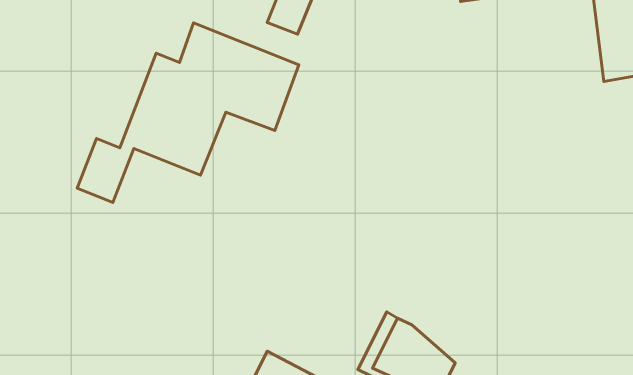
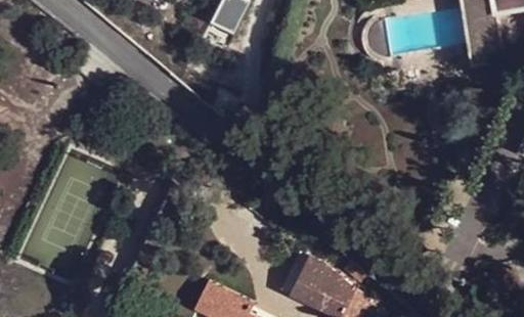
building: [77,23,299,202] -> none

